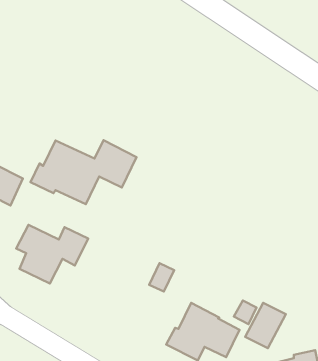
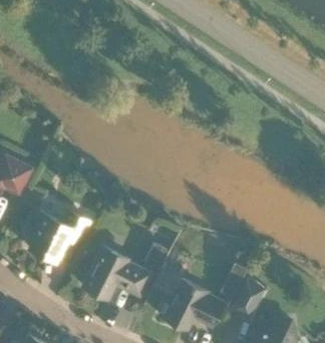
building: [31,140,136,204] -> none
building: none -> [82,247,151,300]

